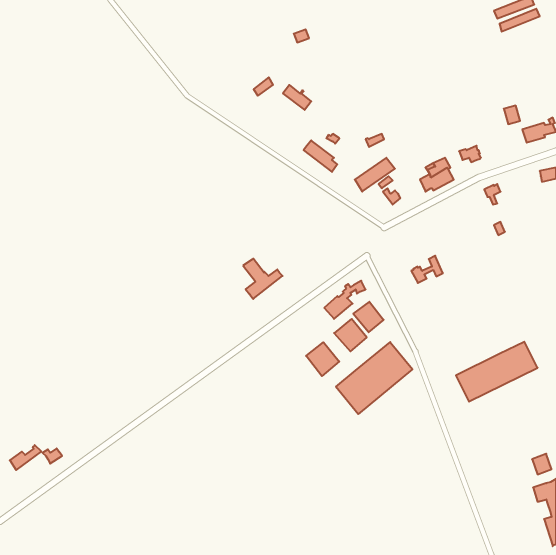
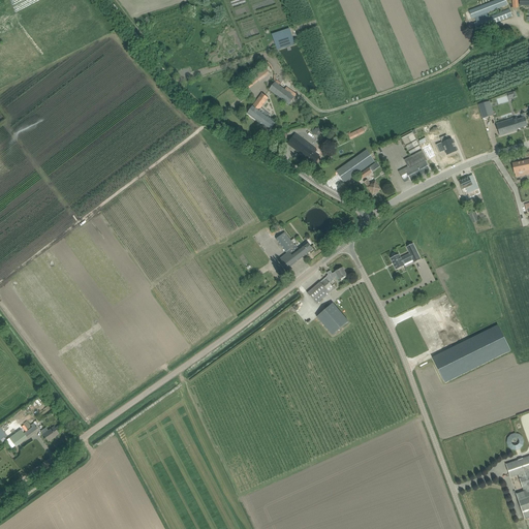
building: none -> [248,92,276,129]
building: [243,259,283,299] -> [276,231,313,270]
building: [353,302,384,332] -> none
building: [336,342,412,414] -> none
building: [306,342,339,376] -> none

